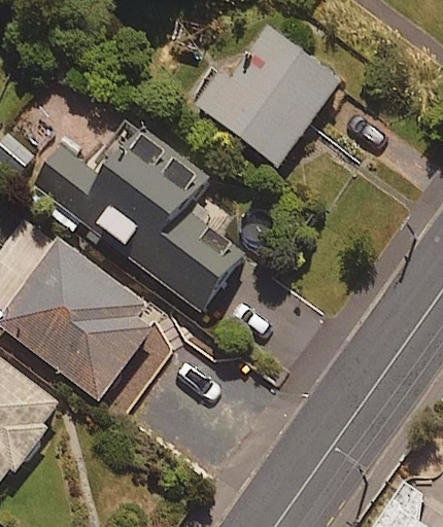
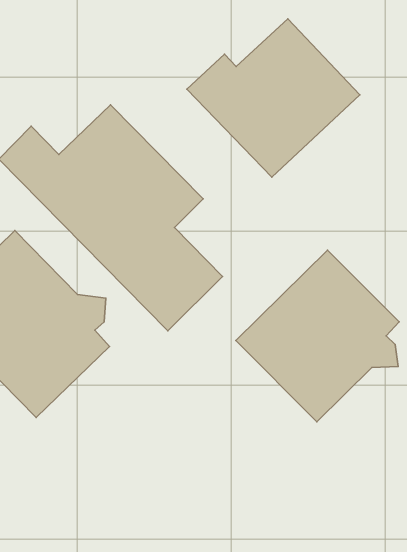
building: none -> [236,250,399,422]

